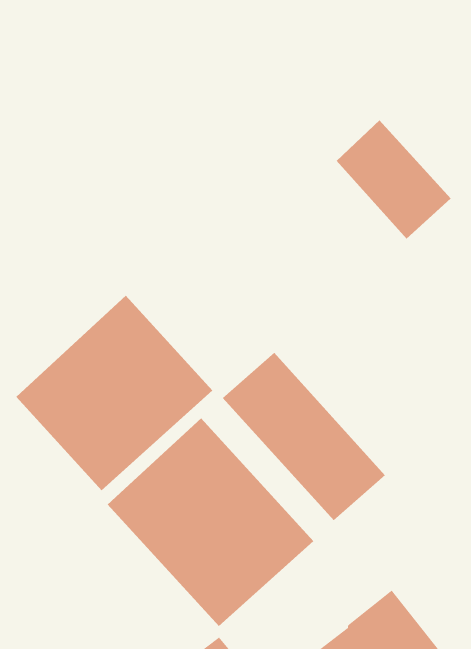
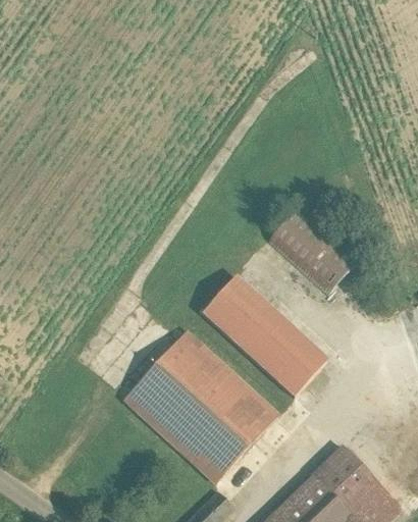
building: [336,120,451,240] -> [270,208,359,296]
building: [15,295,213,491] -> none

